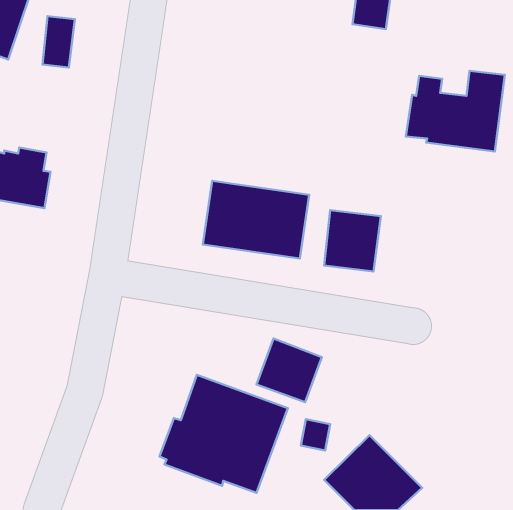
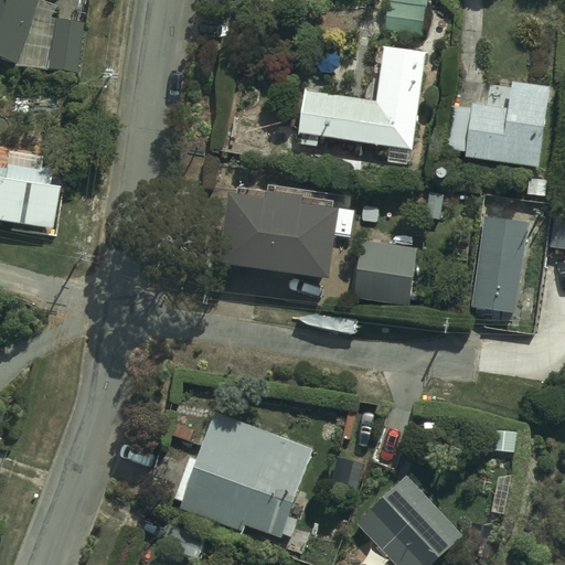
building: none -> [297,43,424,148]
building: none -> [470,216,530,315]
building: [256,339,322,402] -> none

